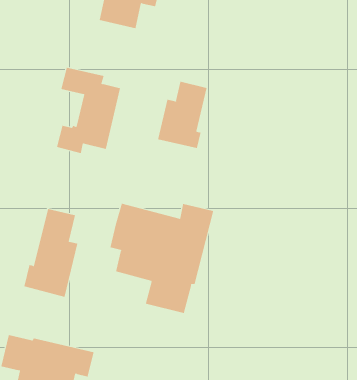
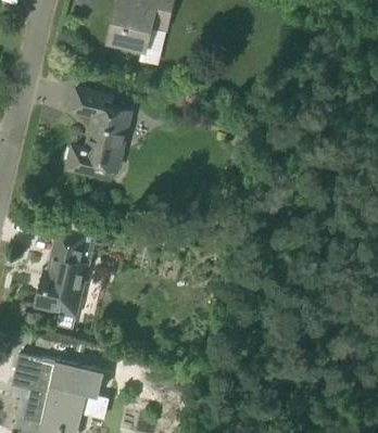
building: [157,81,207,149] -> none
building: [110,203,214,314] -> none

